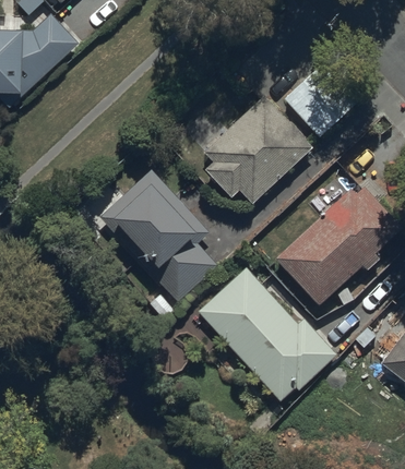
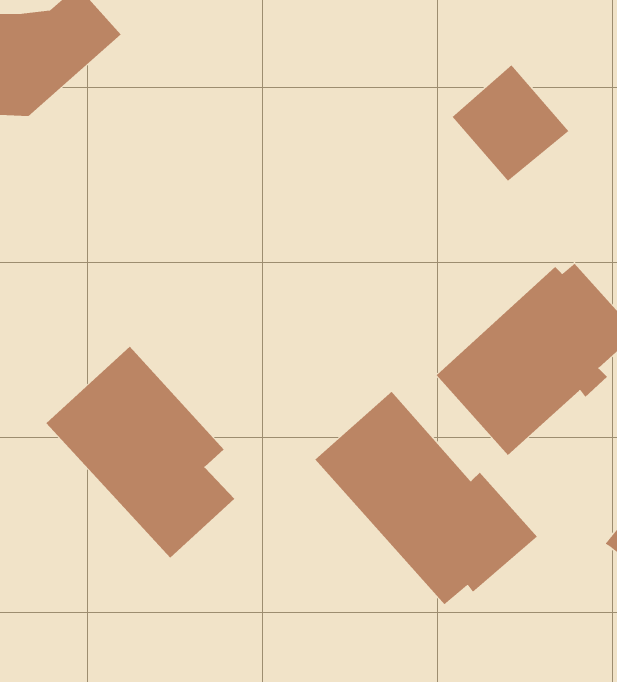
building: [203,96,311,203] -> none
building: [98,169,216,301] -> [45,346,235,558]

